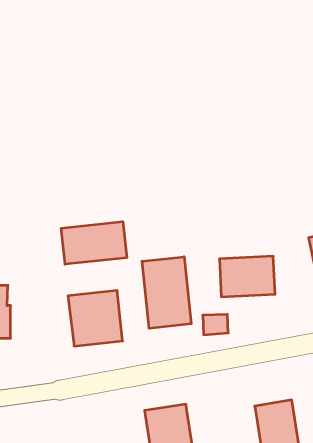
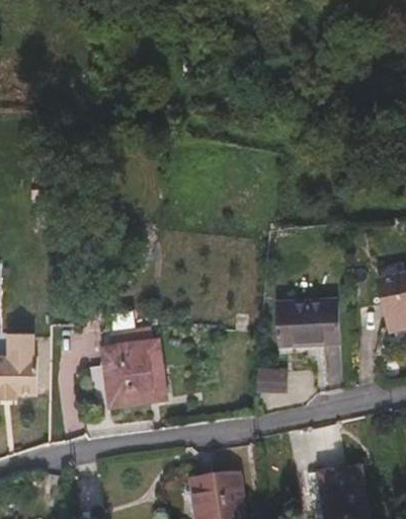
building: [61,222,127,264] -> none
building: [142,257,191,328] -> none

